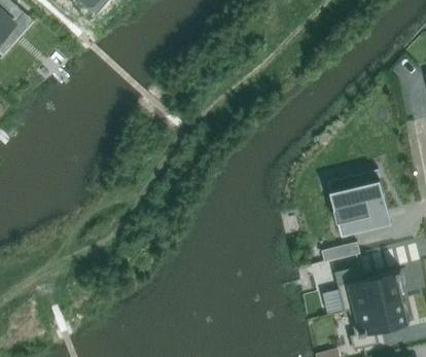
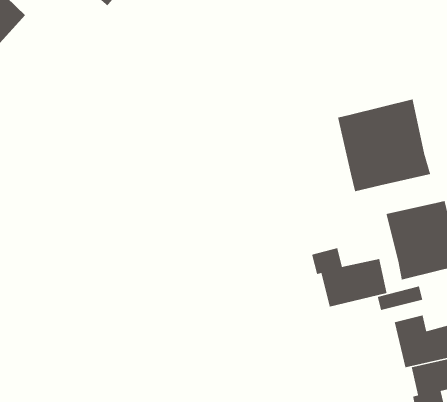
building: none -> [337,98,431,192]
building: none -> [311,247,388,307]

